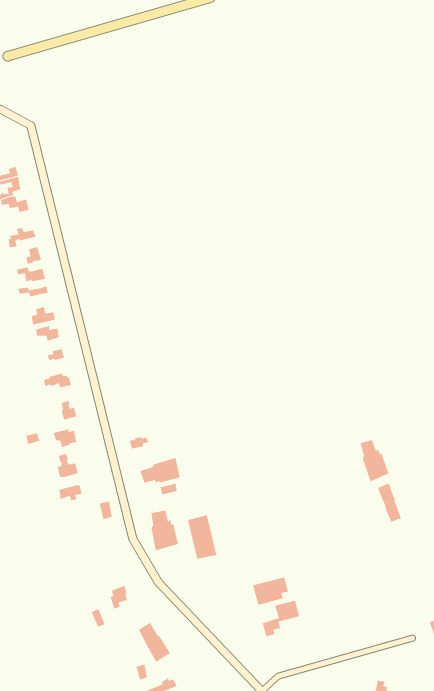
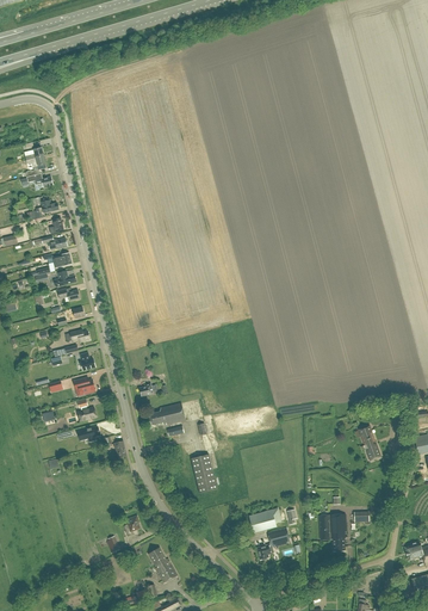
building: [360,439,389,482] -> none
building: [151,510,179,551] -> none
building: none -> [320,513,346,551]

